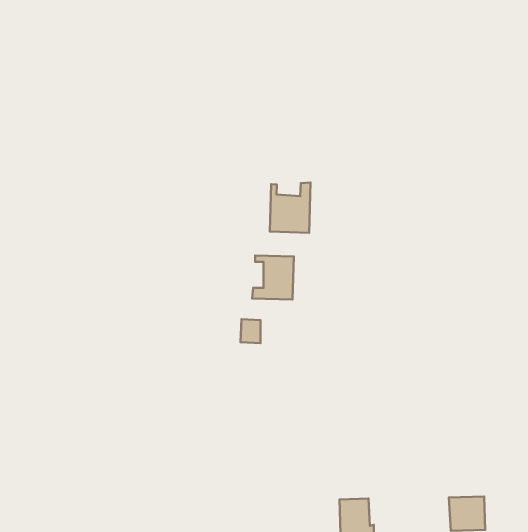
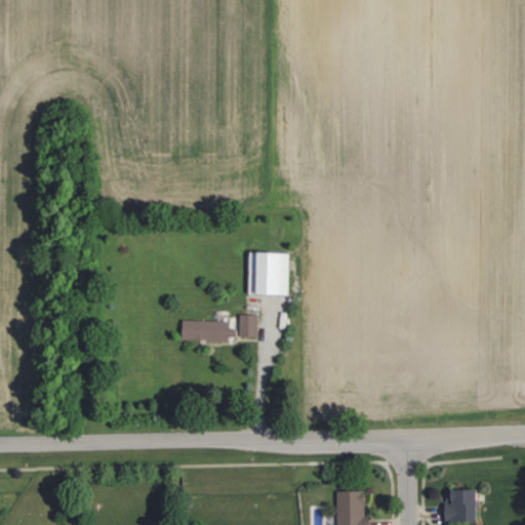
building: [270,183,310,233] -> none
building: none -> [180,321,235,341]

